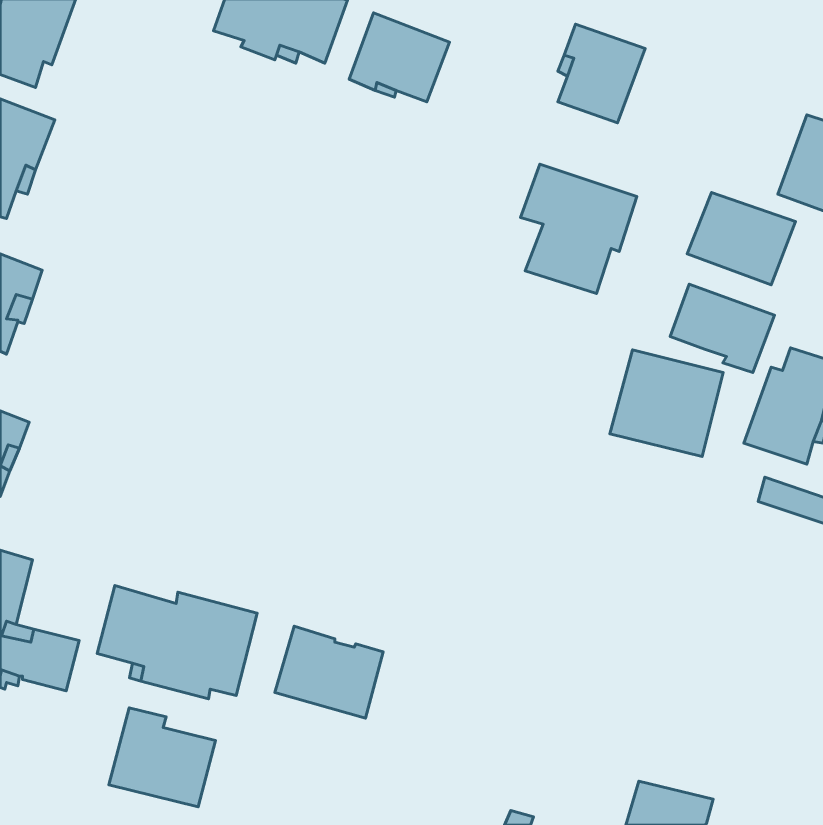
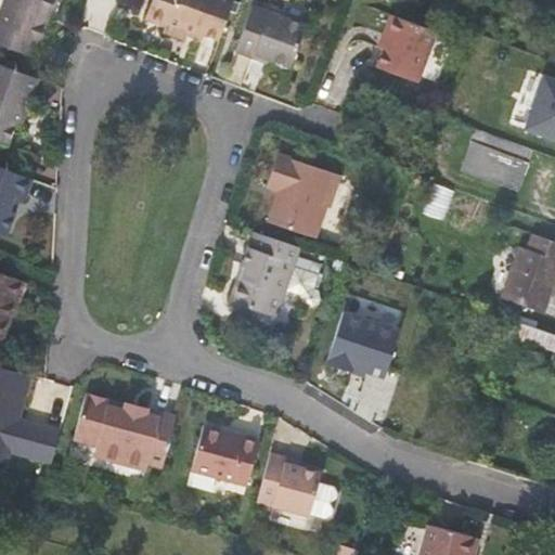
building: [520,164,637,294] -> [259,150,337,236]
building: [670,284,775,372] -> none
building: none -> [223,229,309,315]
building: [610,350,723,456] -> [328,306,404,377]
building: none -> [257,454,334,519]
building: [109,708,216,807] -> none

